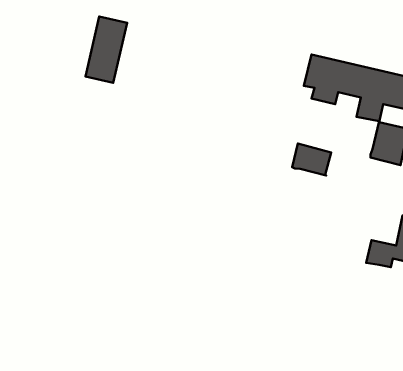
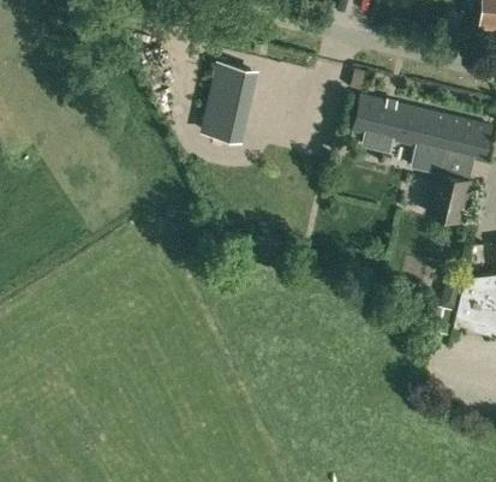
building: [85,16,127,83] -> [207,65,253,139]
building: [292,143,331,175] -> none

